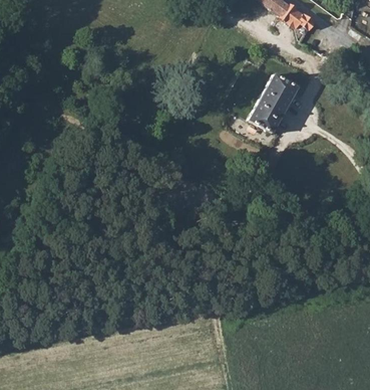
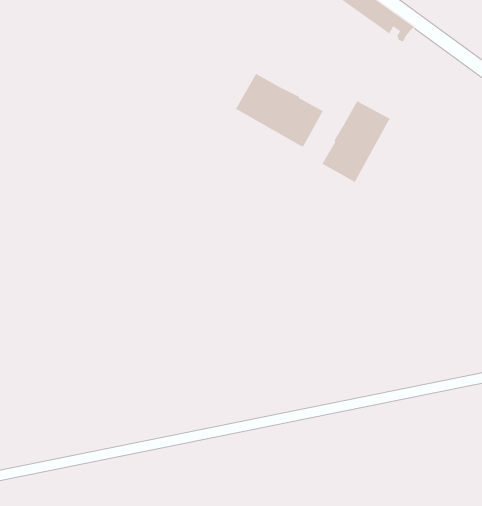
building: none -> [235,73,323,147]

